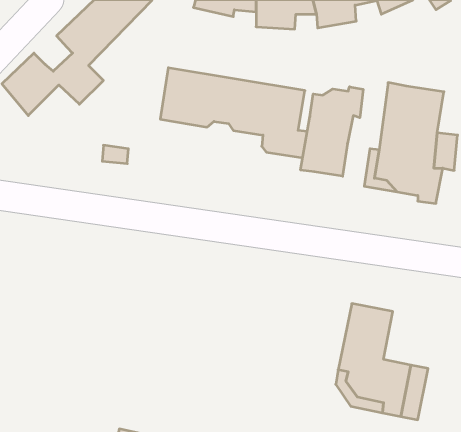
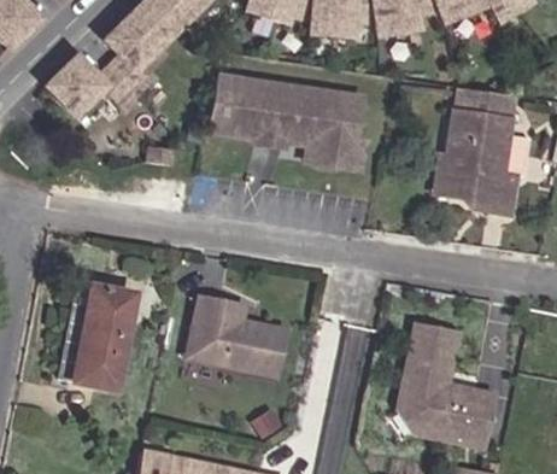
building: [301,87,363,176] -> none
building: none -> [64,281,142,394]
building: none -> [187,294,287,375]

